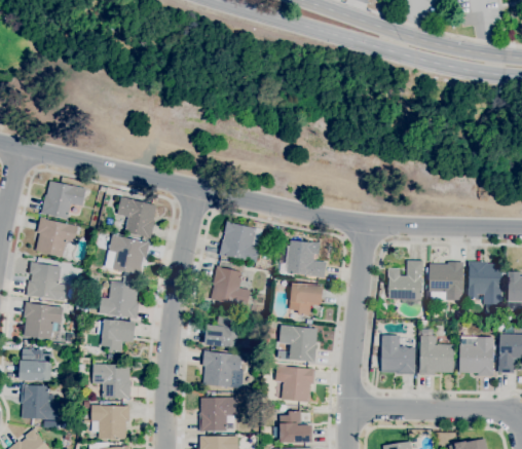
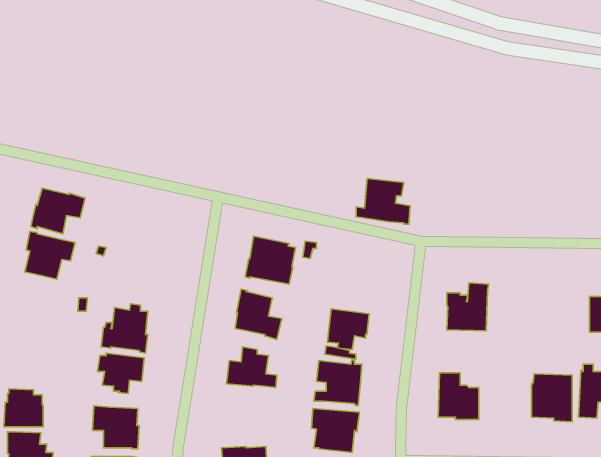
building: [117,196,157,238] -> none
building: [109,234,150,274] -> none
building: [281,239,326,277] -> [356,179,410,224]
building: [26,261,67,300] -> none
building: [426,261,463,300] -> none
building: [469,261,504,305] -> none
building: [24,301,63,339] -> none
building: [418,329,454,375] -> none
building: [202,350,243,387] -> none

